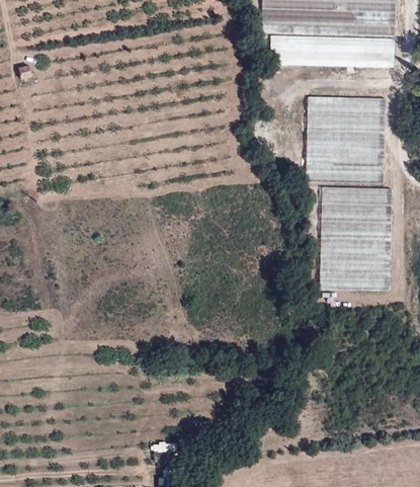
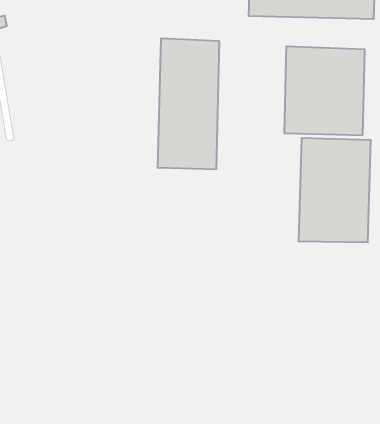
building: none -> [158,38,219,169]

